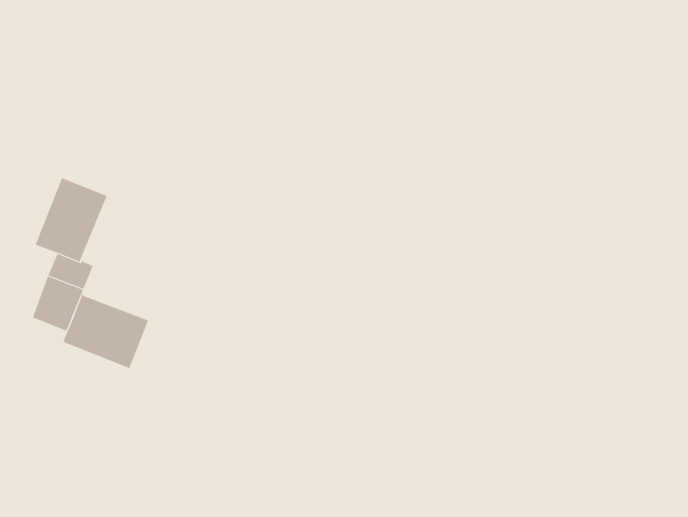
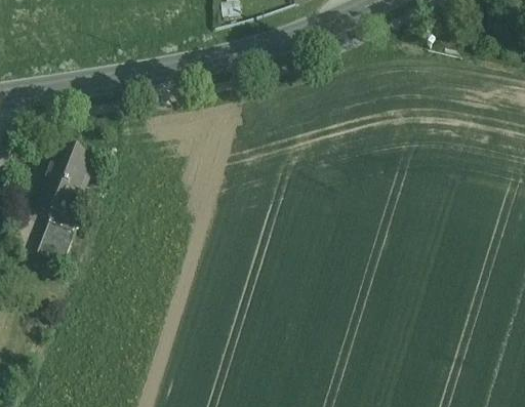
building: [63,294,149,369] -> none

